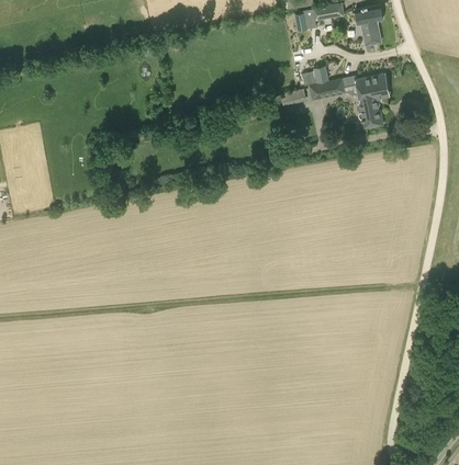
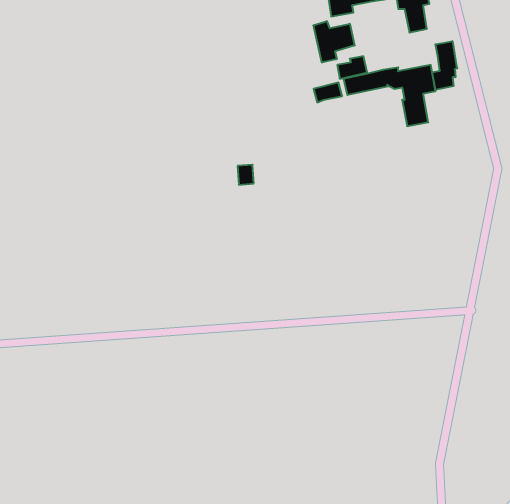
building: none -> [313,21,355,63]
building: none -> [432,41,457,90]

